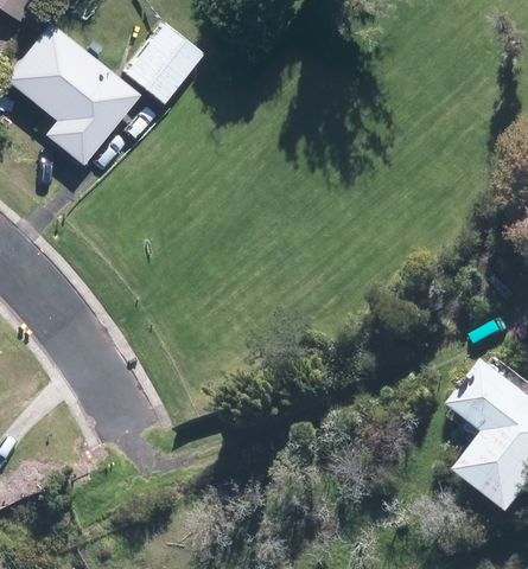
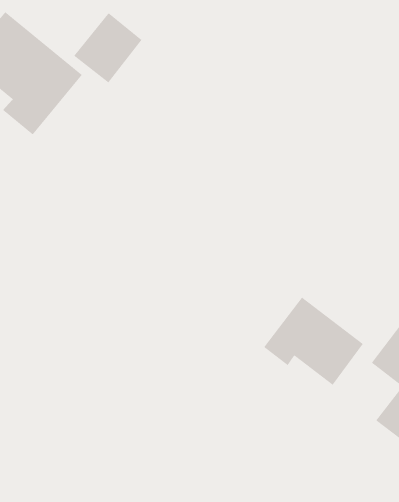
building: none -> [263,297,364,386]

